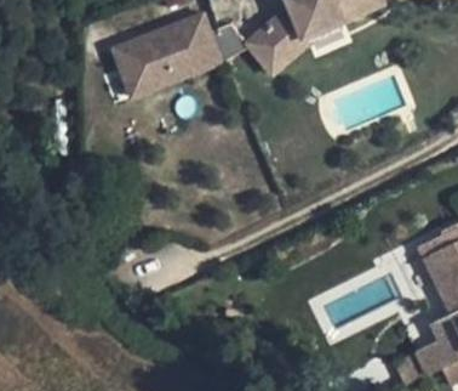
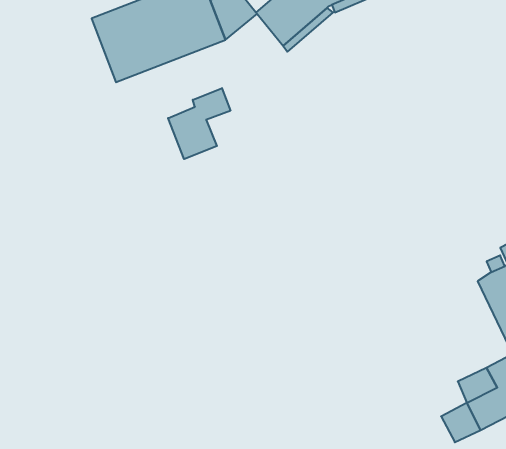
building: none -> [168,88,230,159]

